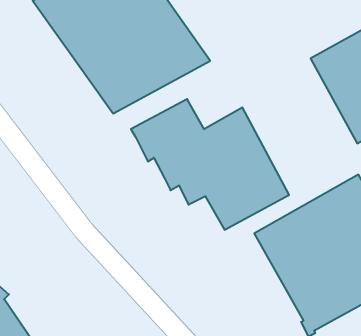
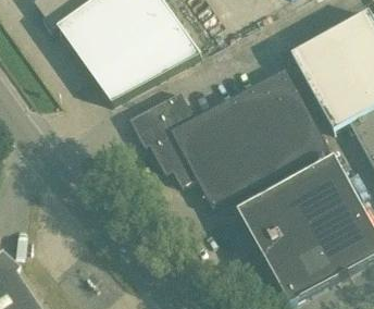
building: none -> [230,67,329,177]

